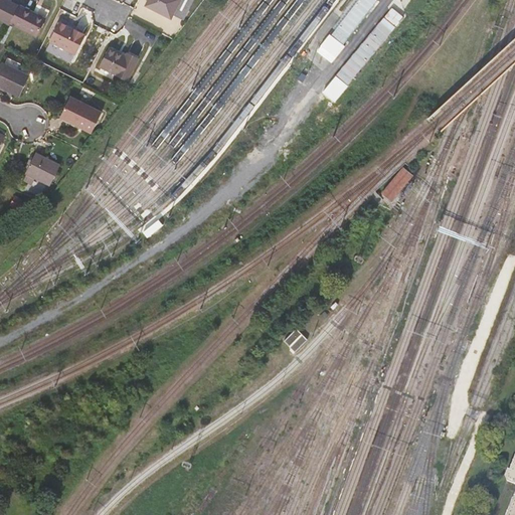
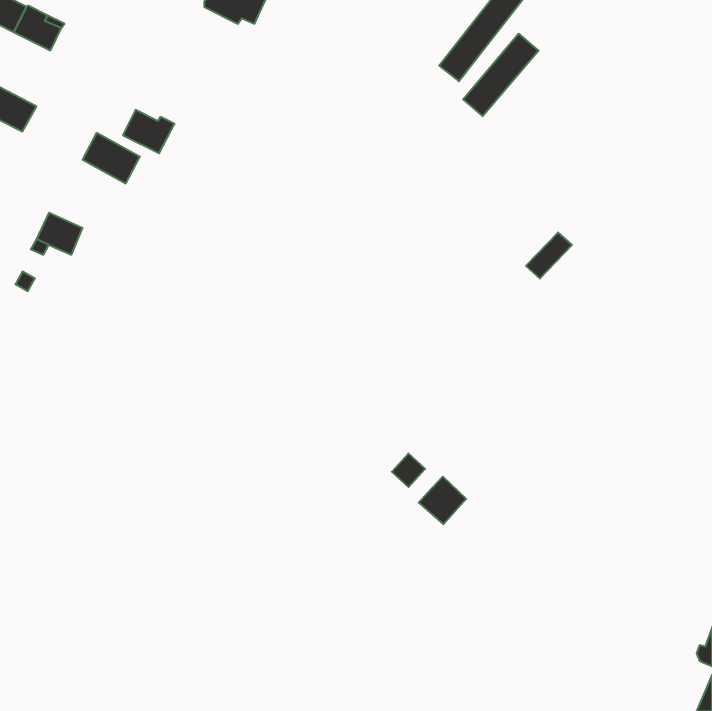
building: [50,22,84,53] -> none
building: [101,49,138,80] -> [123,110,175,153]
building: none -> [419,477,466,524]

